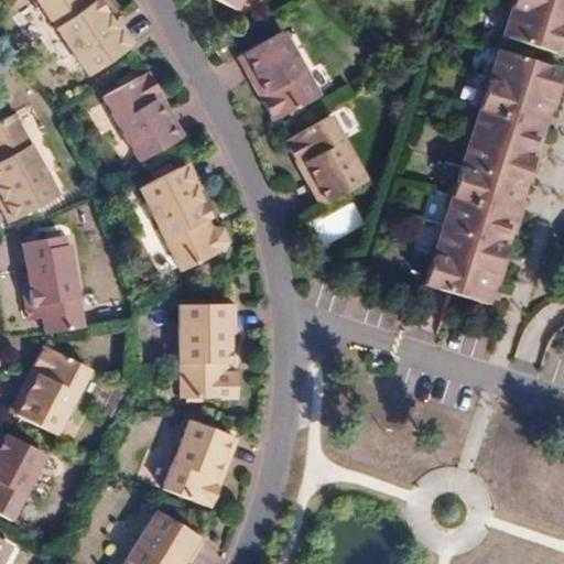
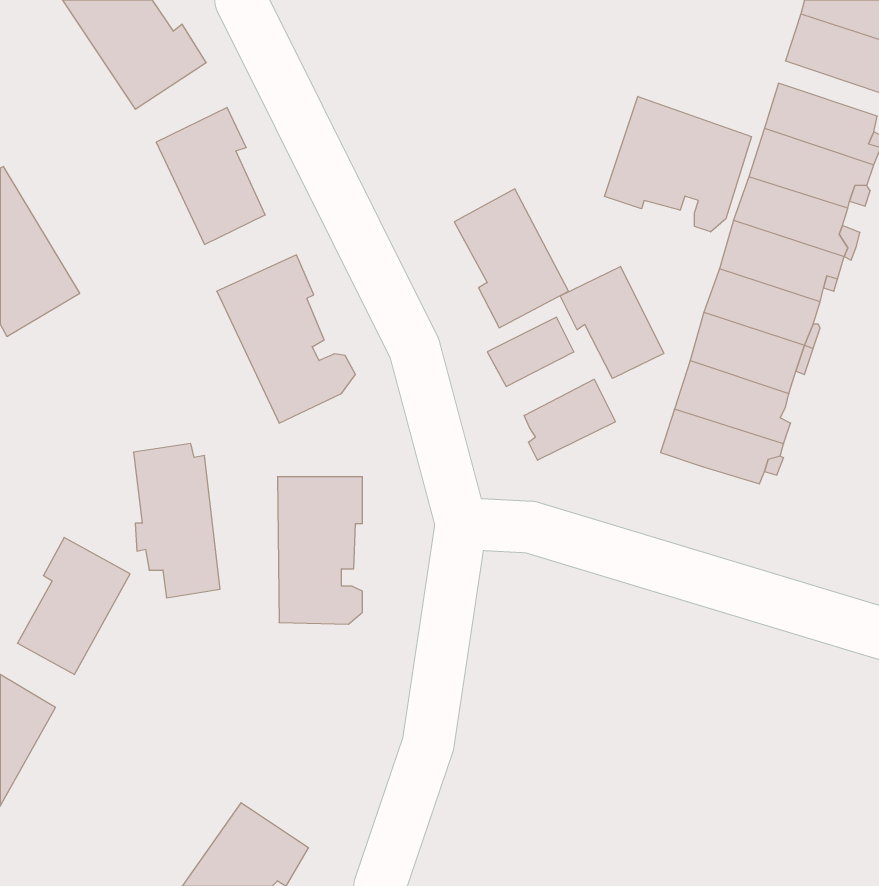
building: [248,34,321,123] -> none
building: none -> [605,96,752,232]
building: none -> [560,266,664,378]
building: [24,229,79,327] -> [133,444,220,598]
building: none -> [524,379,615,460]
building: [161,422,225,507] -> none

